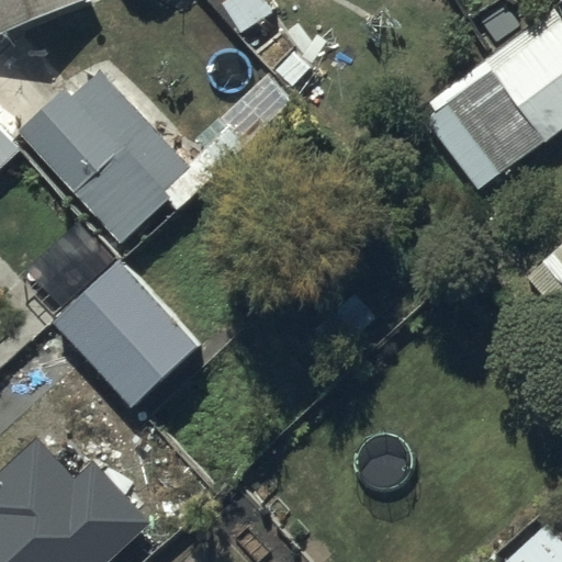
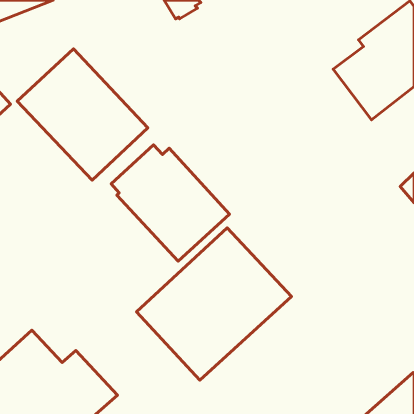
building: [45,254,204,411] -> [111,145,230,261]
building: none -> [136,228,291,380]

